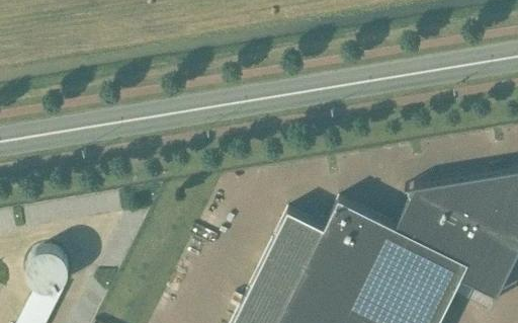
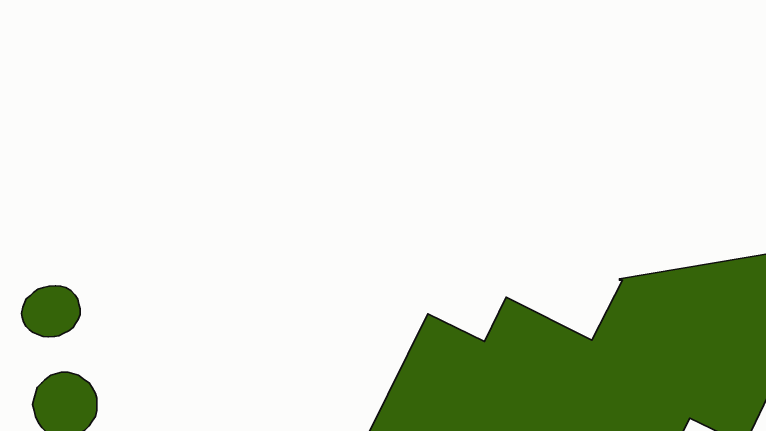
building: none -> [22,286,80,337]

